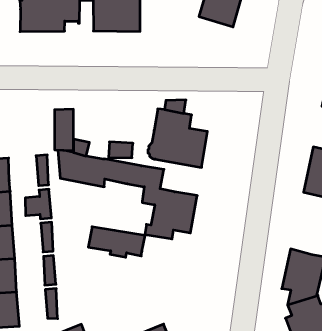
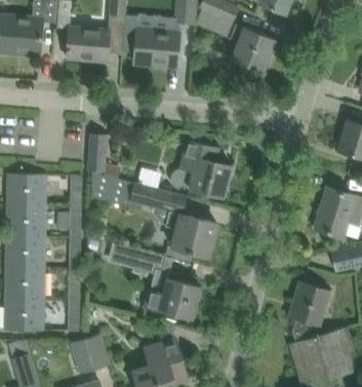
building: none -> [144,273,200,319]

